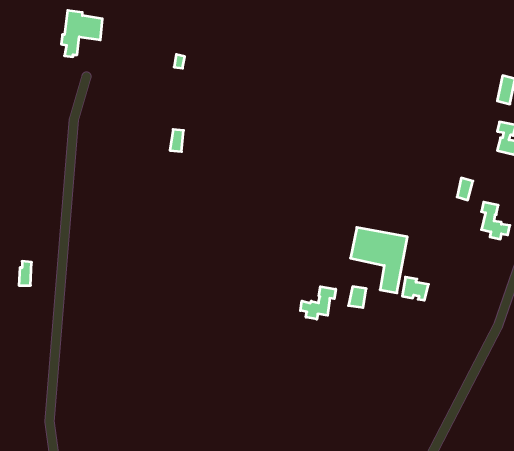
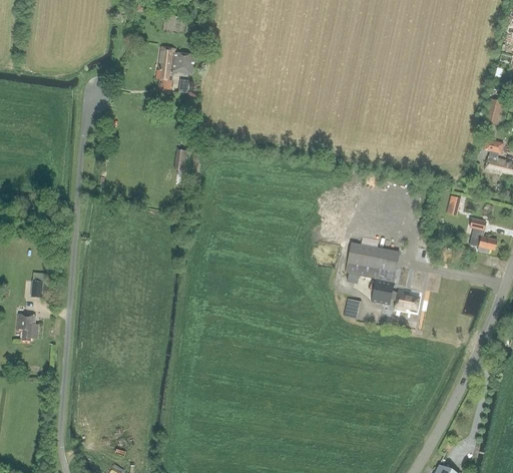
building: [61,10,102,57] -> [156,46,195,90]
building: [300,287,336,319] -> none
building: none -> [18,312,39,340]

